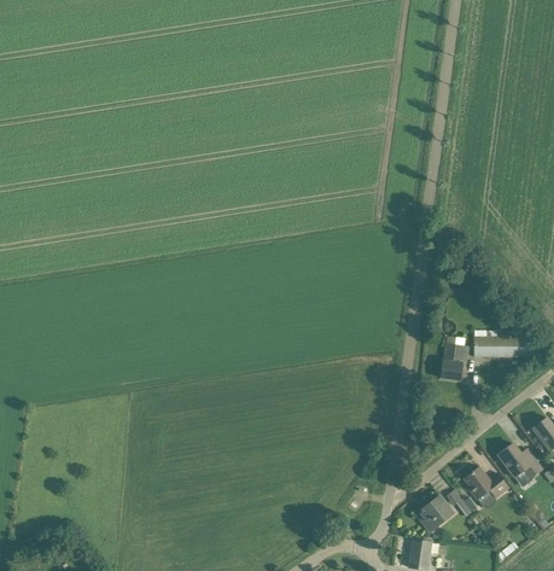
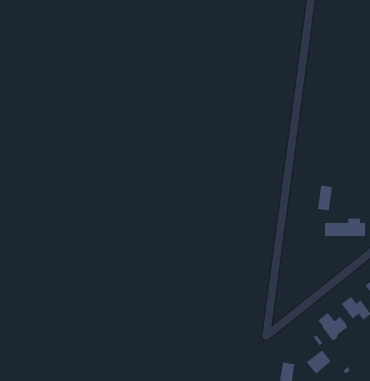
building: [439,344,462,381] -> [317,185,333,211]
building: [414,496,451,532] -> [306,350,332,375]

